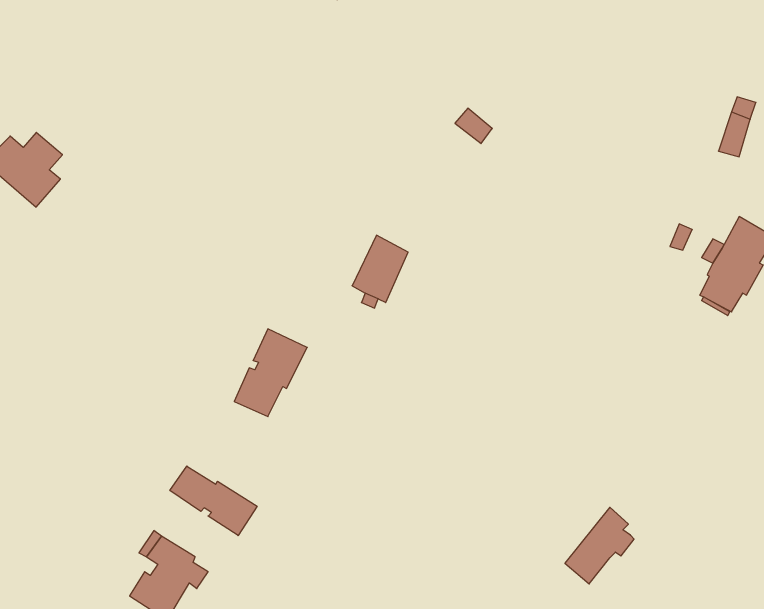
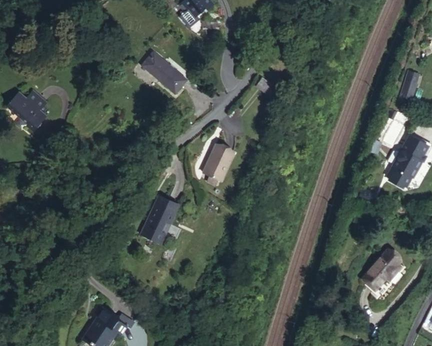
building: none -> [144,53,186,92]
building: [170,466,257,536] -> none
building: [565,507,634,584] -> [362,250,399,291]

